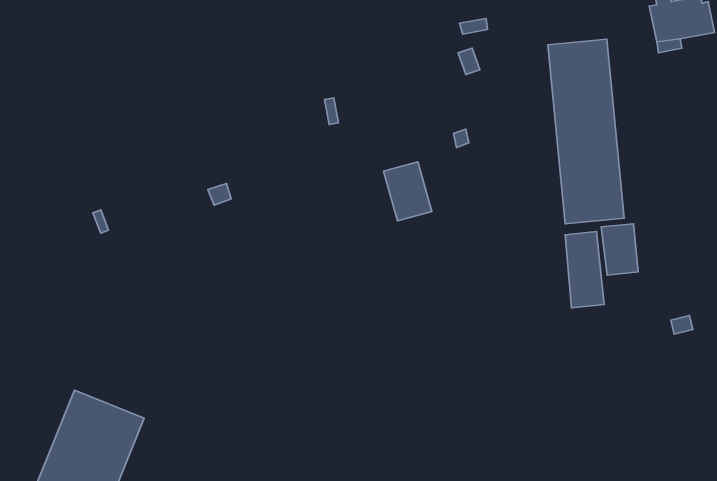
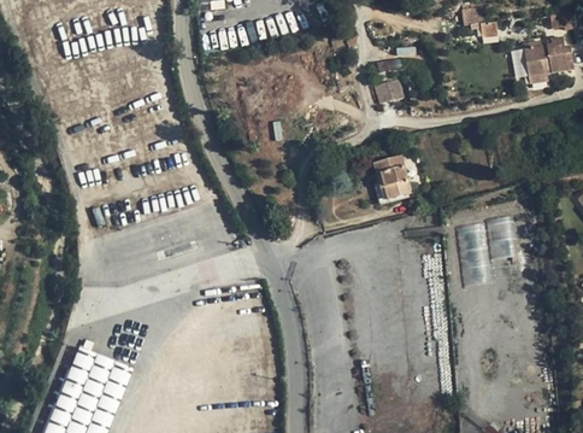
building: [548,39,624,224] -> none
building: [384,162,432,221] -> [373,157,411,203]

